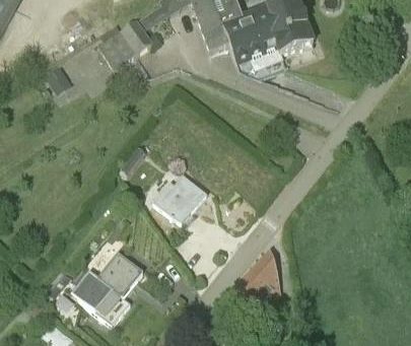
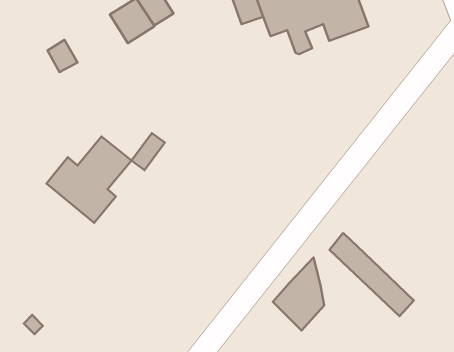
building: [153,174,207,224] -> none
building: none -> [330,233,414,316]
building: [71,251,143,324] -> [46,137,131,223]

